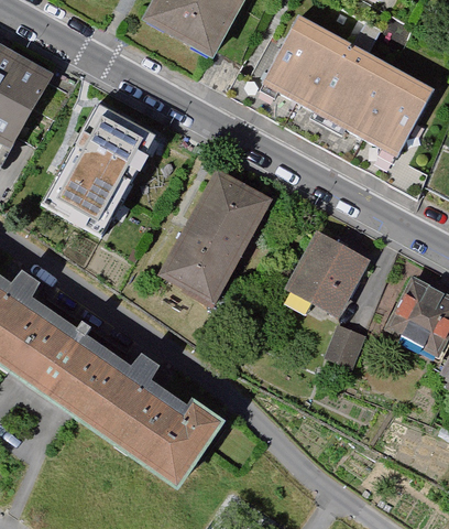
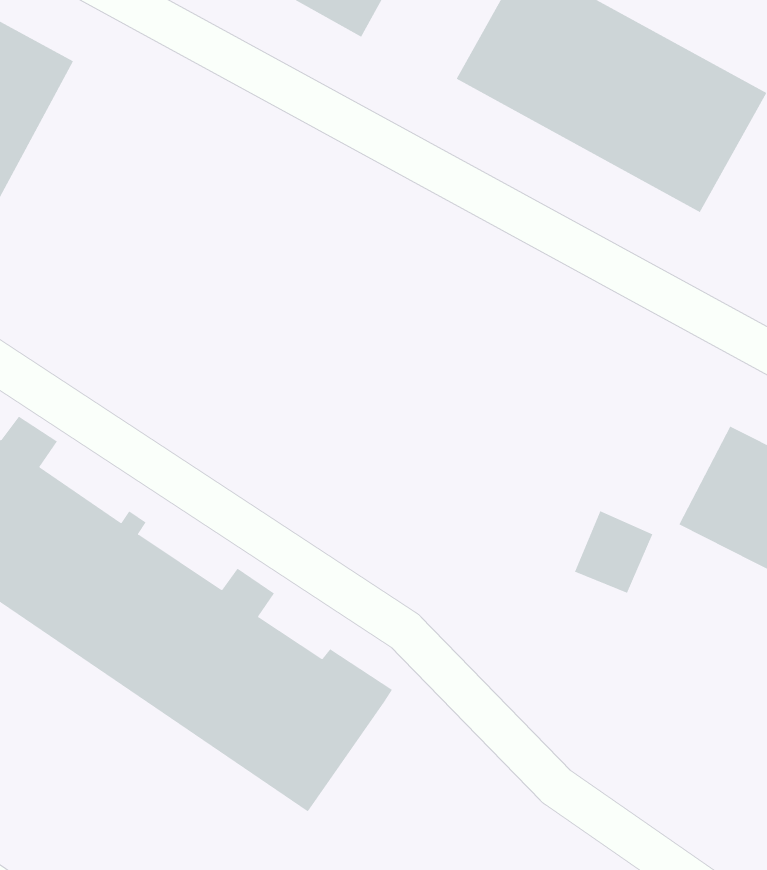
building: [32,97,161,244] -> none
building: [155,168,274,310] -> none
building: [286,229,373,319] -> none

